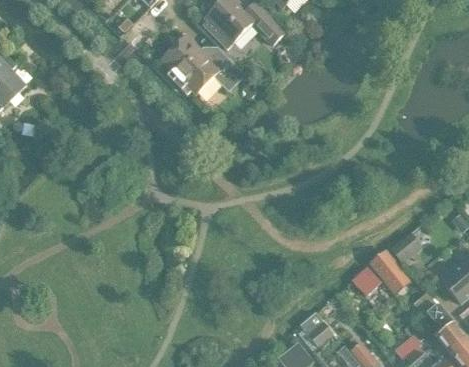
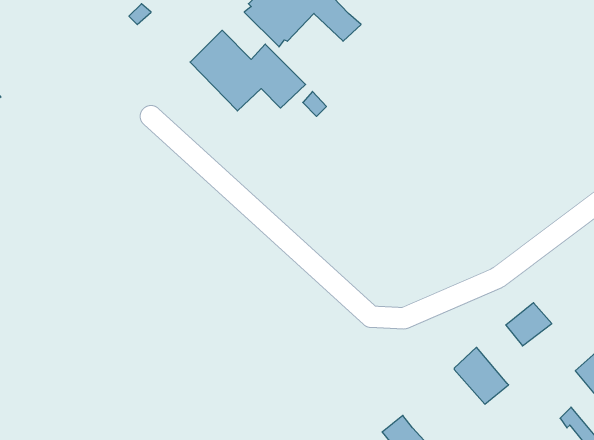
building: [369,248,412,293] -> none

